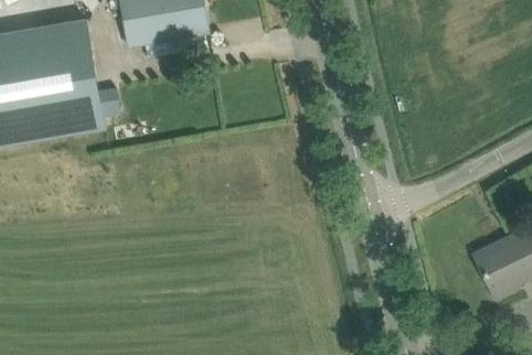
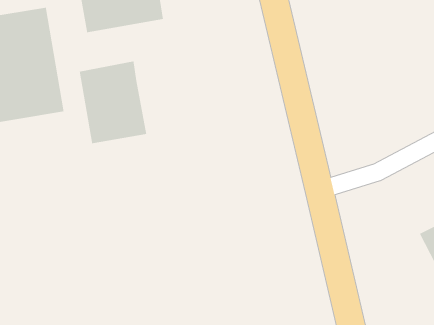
building: none -> [79,61,147,144]

